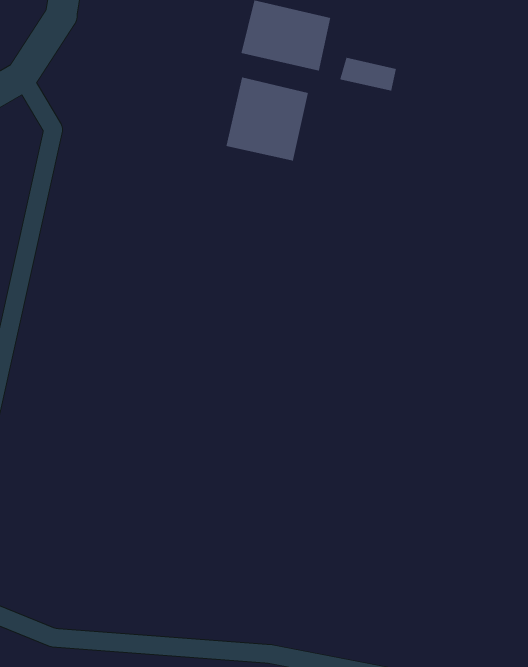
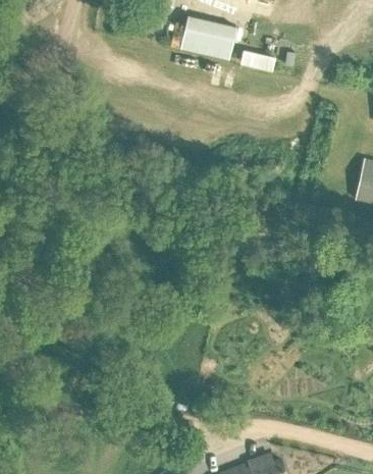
building: [225,76,309,162] -> none

